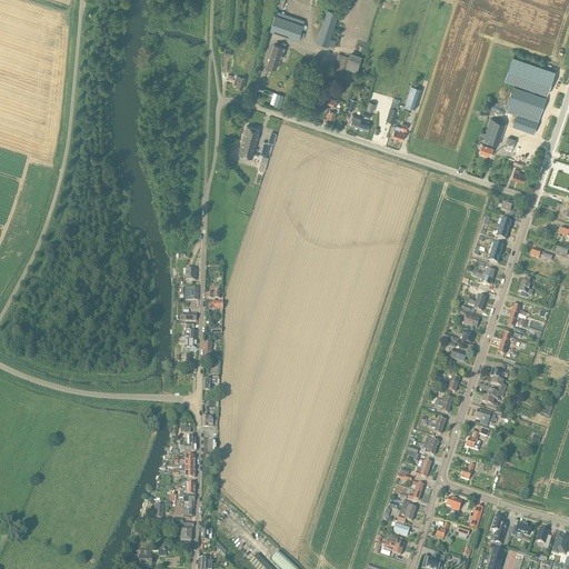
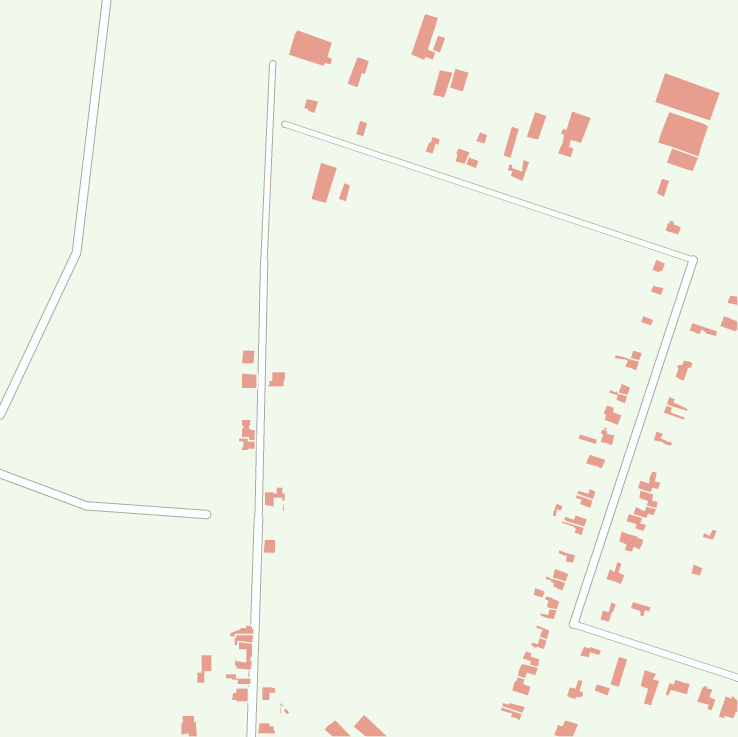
building: [270,10,305,39] -> [288,29,333,67]
building: [479,118,506,154] -> [557,110,592,158]

